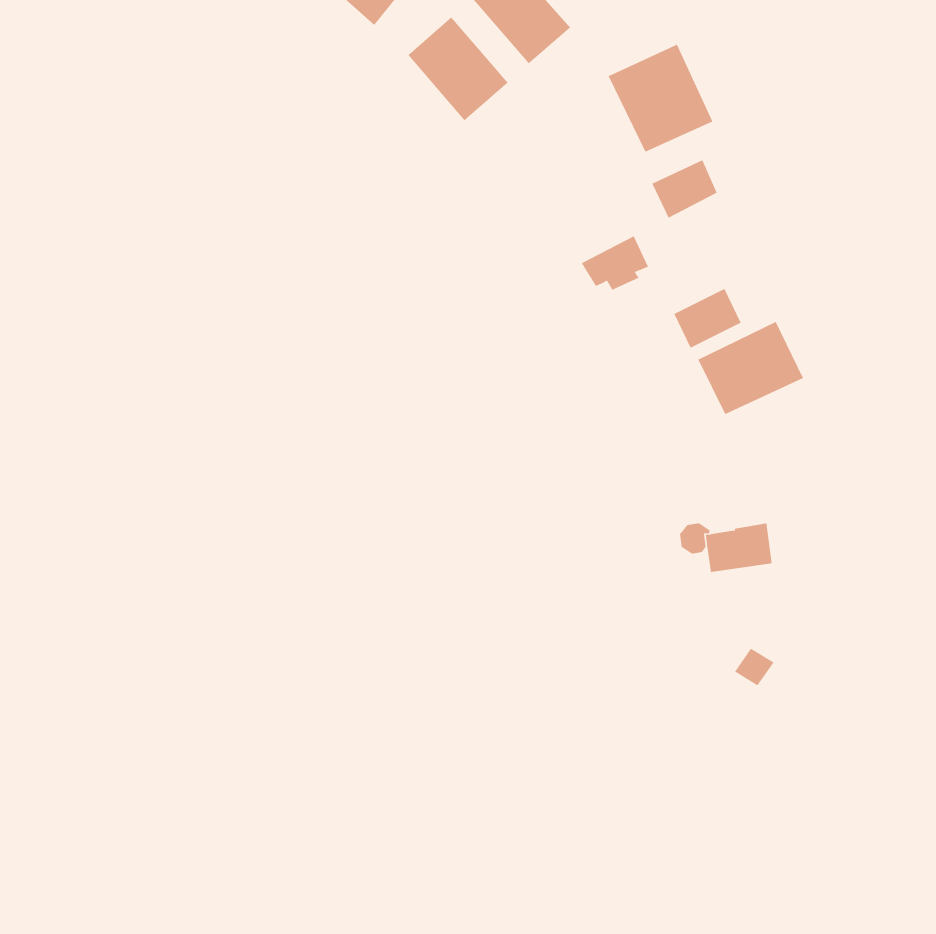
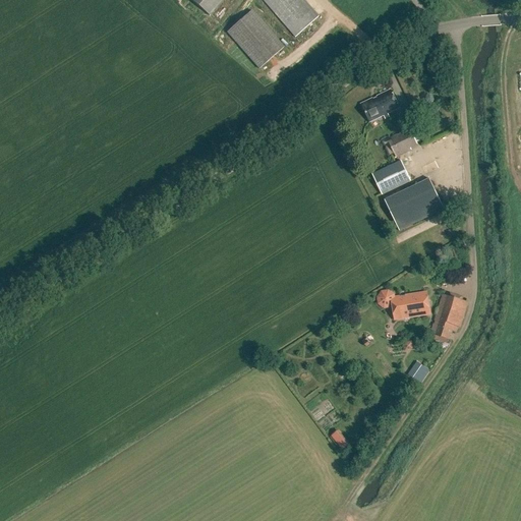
building: [608,44,713,152] -> none
building: [581,236,649,291] -> [379,126,416,157]
building: none -> [430,292,466,340]

